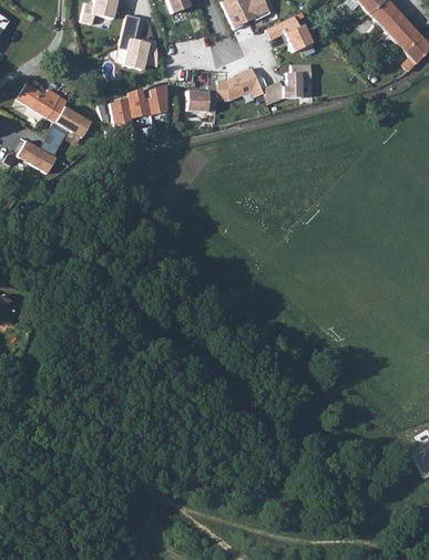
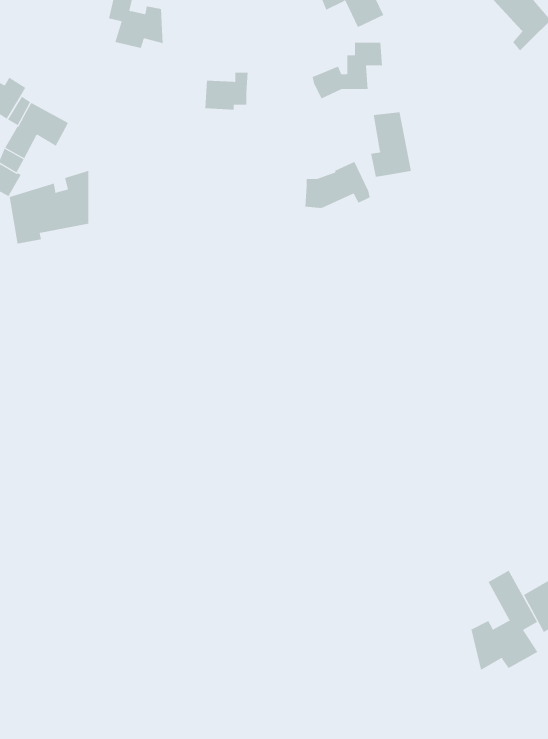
building: [216,66,263,100] -> [304,161,371,208]
building: [109,83,165,135] -> [9,170,89,244]
building: none -> [371,112,412,178]
building: none -> [471,570,538,671]

